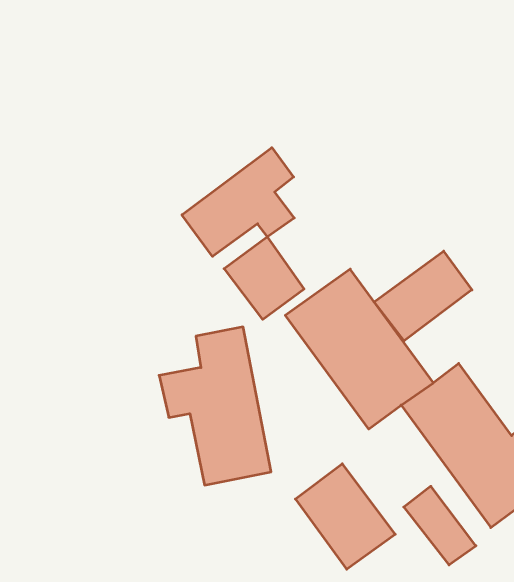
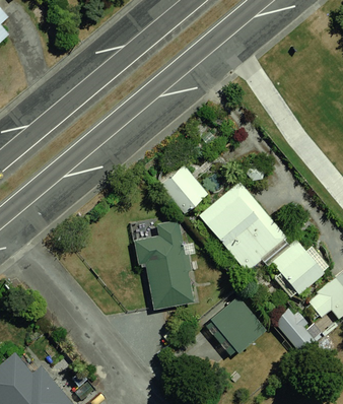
building: [182,148,294,256] -> none
building: [374,251,472,341] -> none

